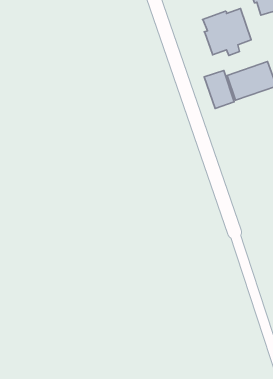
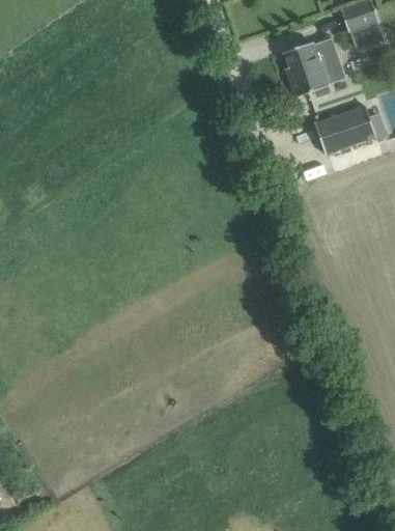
building: [204,71,234,109] -> none

